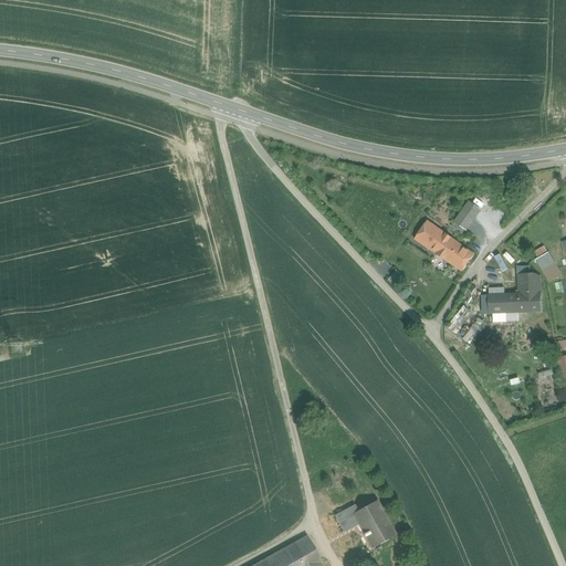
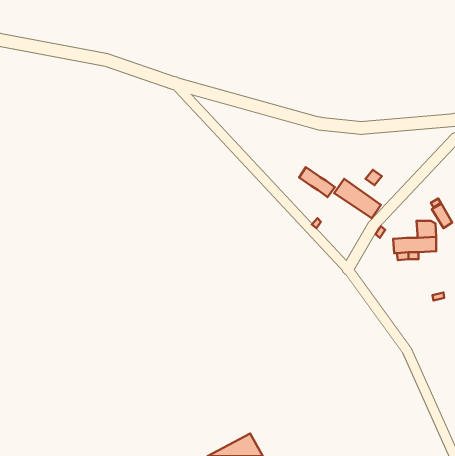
building: none -> [299,167,335,197]
building: [333,500,395,544] -> none

